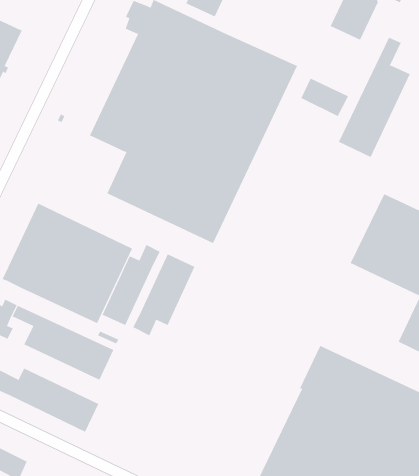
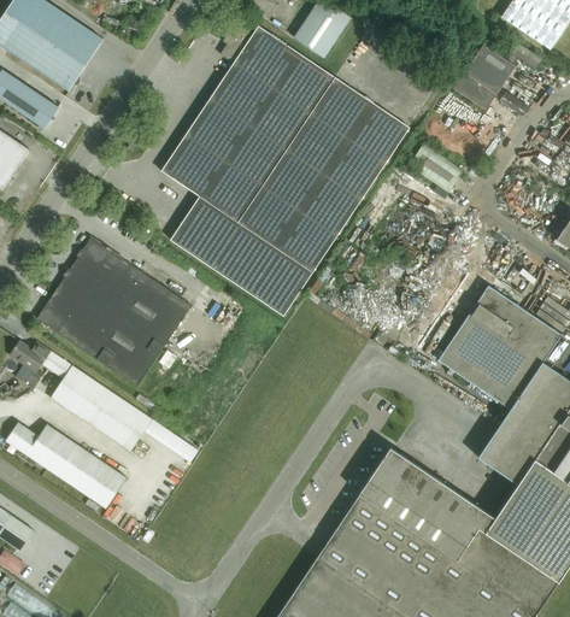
building: [338,37,411,158] -> none
building: [102,244,160,326] -> none
building: [132,253,195,336] -> none

